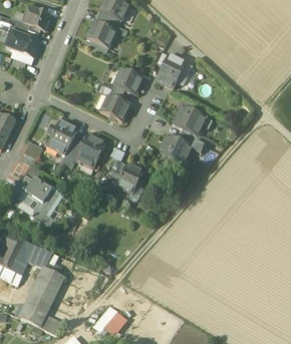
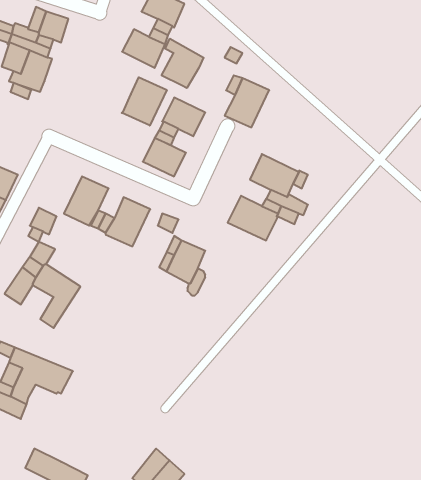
building: none -> [162,39,204,88]
building: none -> [122,77,167,126]
building: [27,266,63,313] -> none

